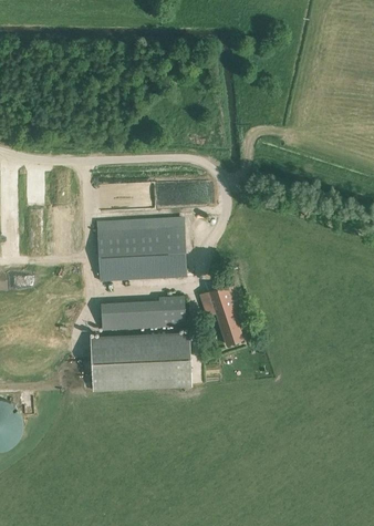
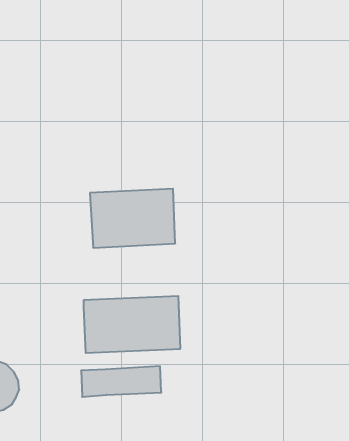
building: [201,283,243,344] -> none
building: [101,298,185,330] -> [81,366,161,397]

